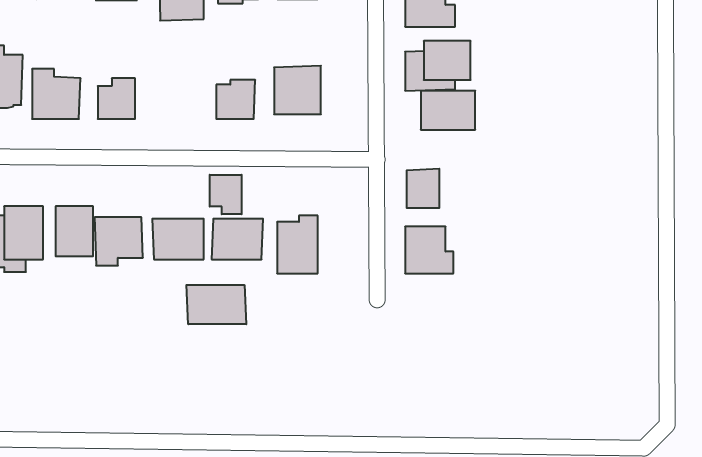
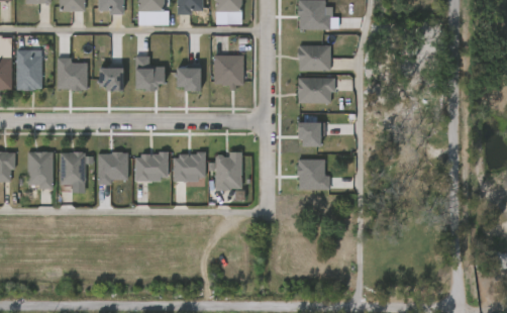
building: none -> [133,57,164,91]
building: [210,175,242,214] -> none
building: [186,285,246,324] -> none

